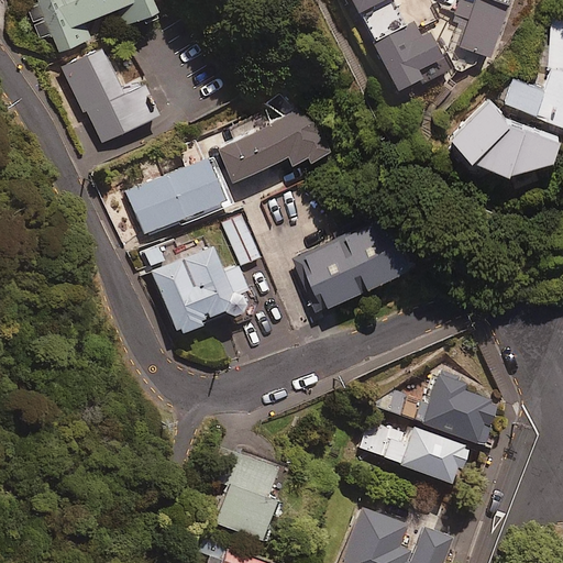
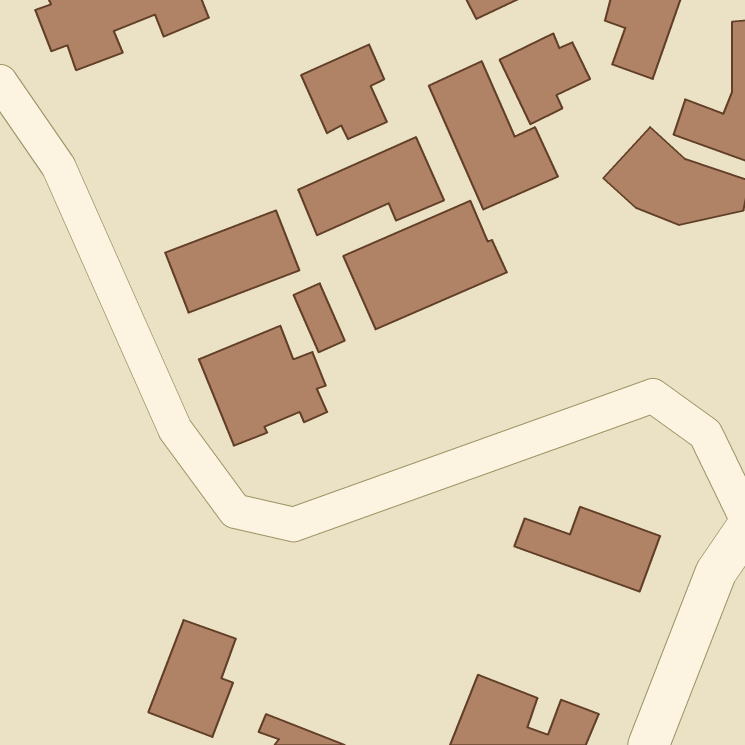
building: none -> [301,44,387,139]
building: none -> [429,61,558,210]
building: [64,48,157,143] -> none
building: [298,211,421,308] -> [343,201,507,329]
building: [360,416,468,486] -> none
building: [212,453,278,541] -> [148,620,236,737]

